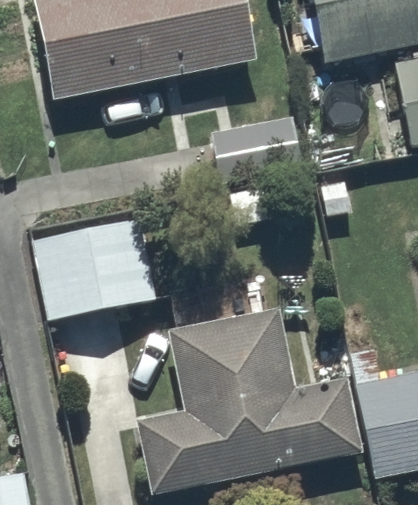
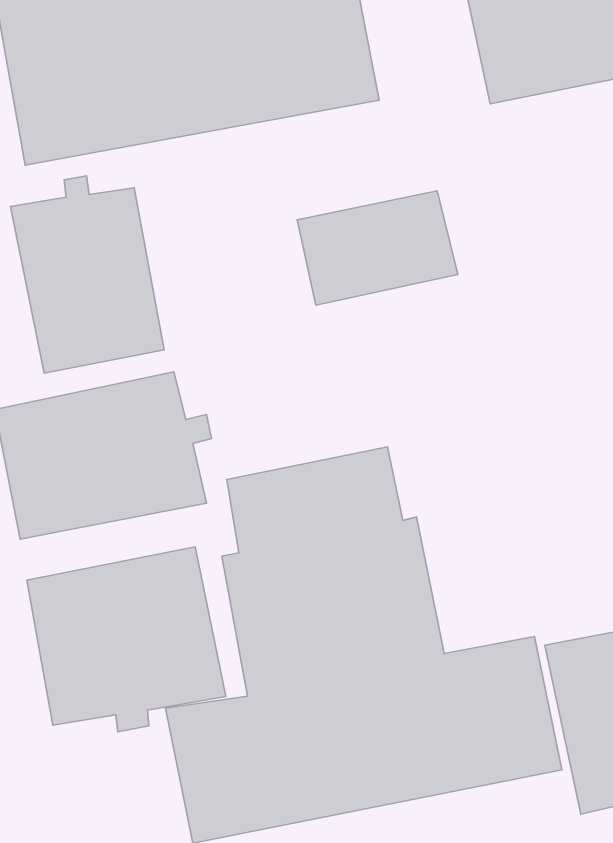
building: none -> [10,176,164,373]
building: none -> [27,547,226,732]

